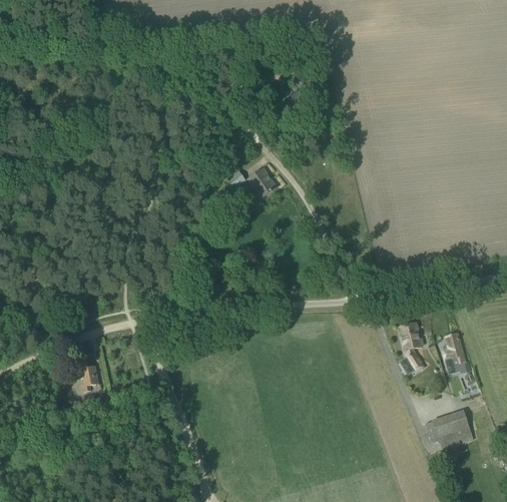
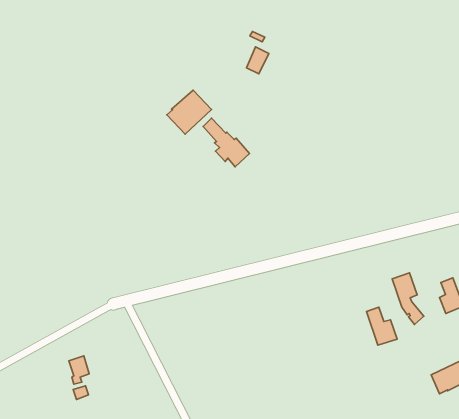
building: none -> [167,90,212,134]
building: none -> [366,307,397,345]

